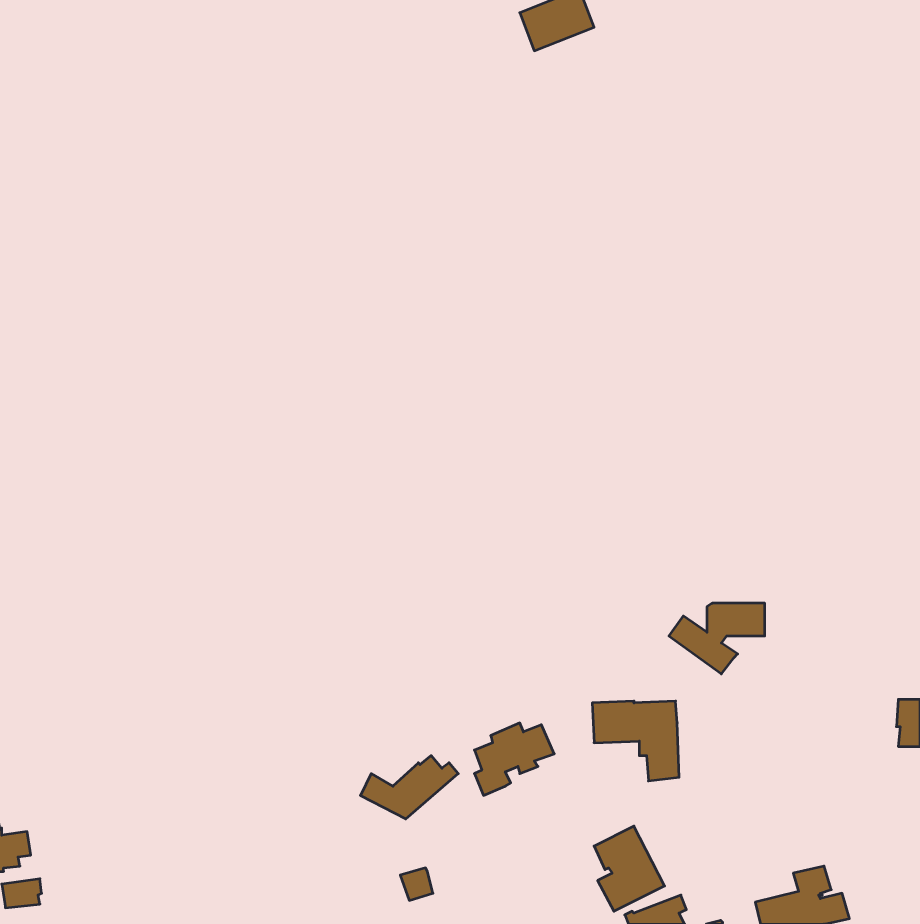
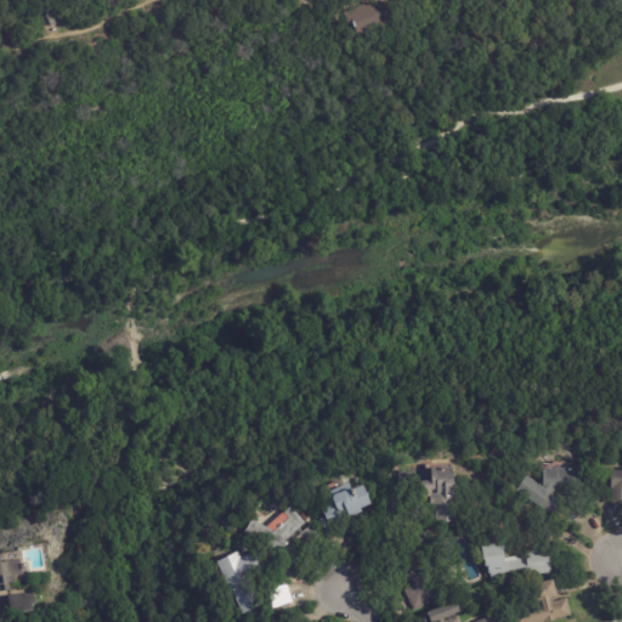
building: [669,603,765,674] -> [516,469,581,516]
building: none -> [481,542,550,581]
building: none -> [216,548,265,611]

